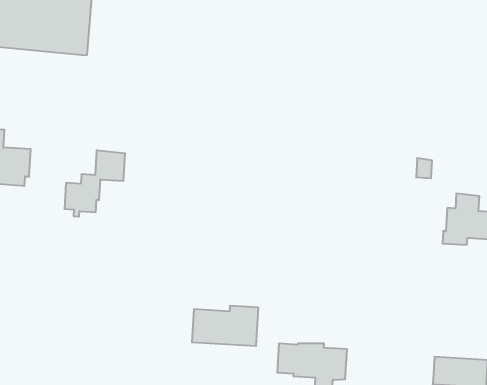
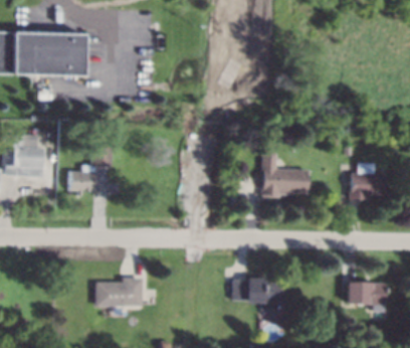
building: none -> [260,153,309,197]
building: [192,306,258,346] -> [96,278,144,306]

